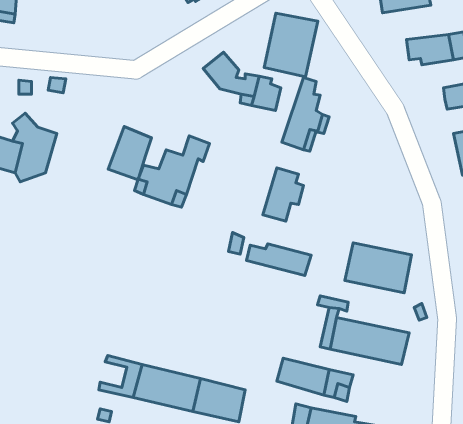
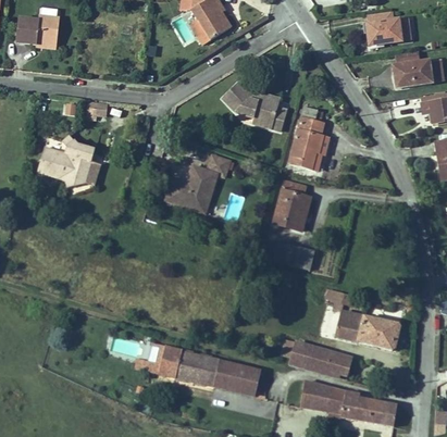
building: [264,13,318,77] -> none
building: [108,127,151,180] -> none
building: [345,243,411,293] -> none

